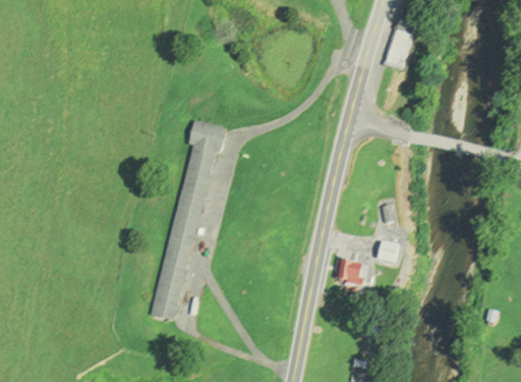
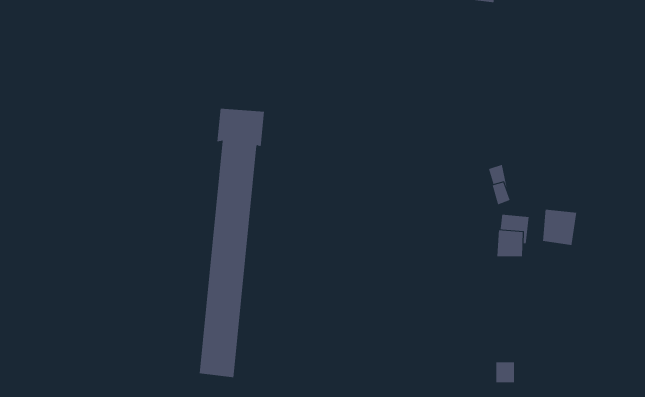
building: none -> [542,209,577,246]
building: [332,258,367,287] -> none

